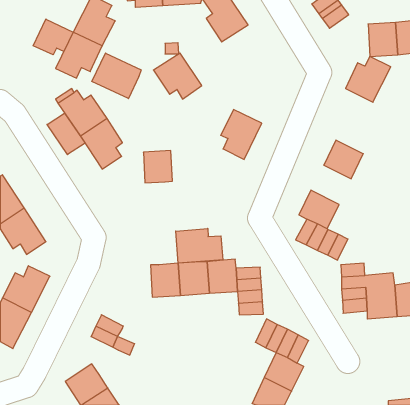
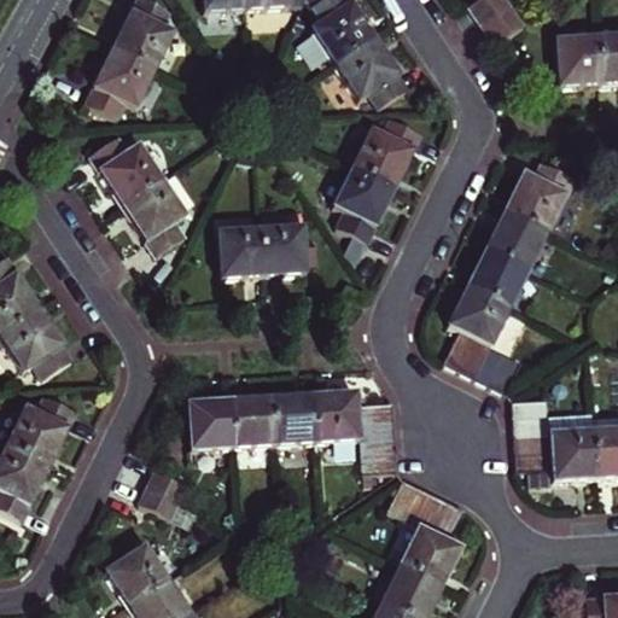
building: [33,19,73,55] -> none
building: [153,53,202,99] -> [334,37,407,106]
building: [92,53,141,99] -> none
building: [346,56,391,102] -> [506,162,573,231]
building: none -> [352,115,421,185]
building: [47,113,85,155] -> none
building: none -> [258,223,303,272]
building: none -> [468,247,529,307]
building: [176,228,223,263] -> none
building: none -> [186,397,231,448]

